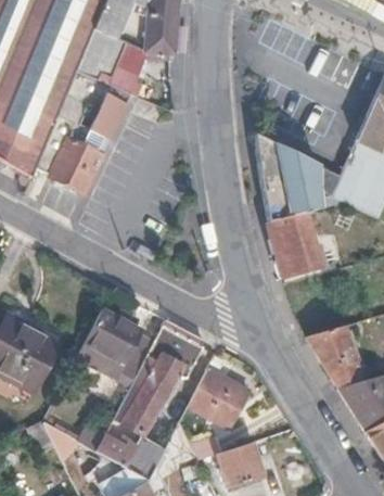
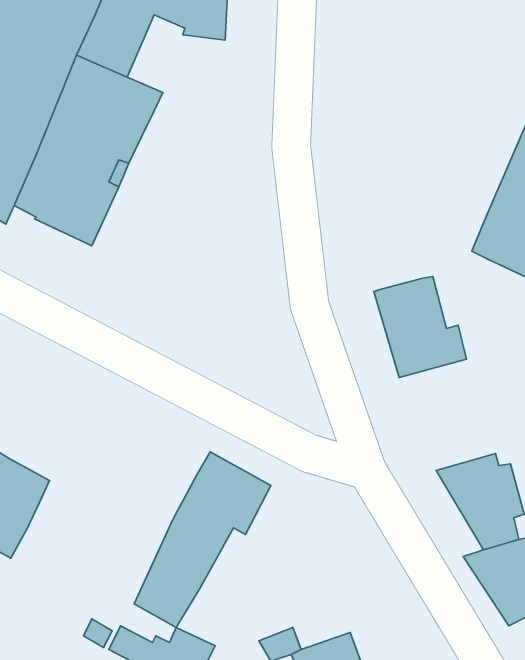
building: [260,137,318,220] -> none
building: [77,308,154,372] -> none
building: [189,368,248,428] -> none

